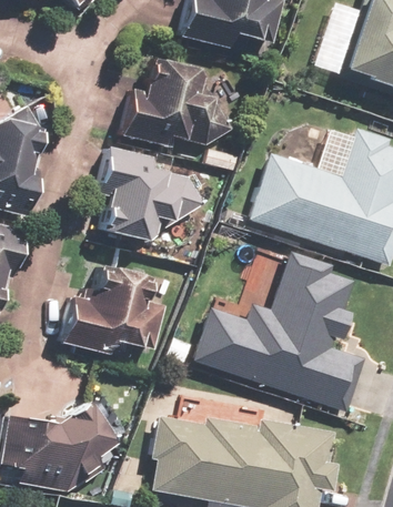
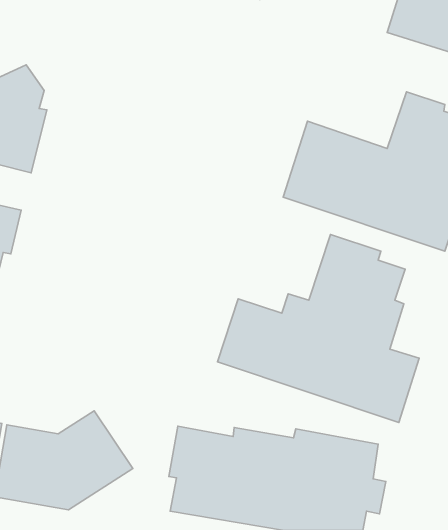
building: [120,59,231,154] -> none
building: [97,145,203,247] -> none
building: [59,265,163,352] -> none

